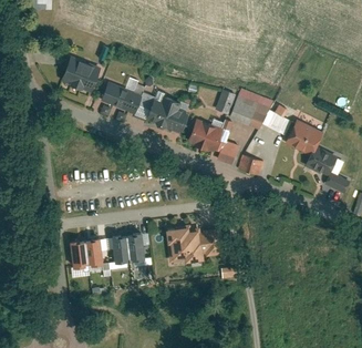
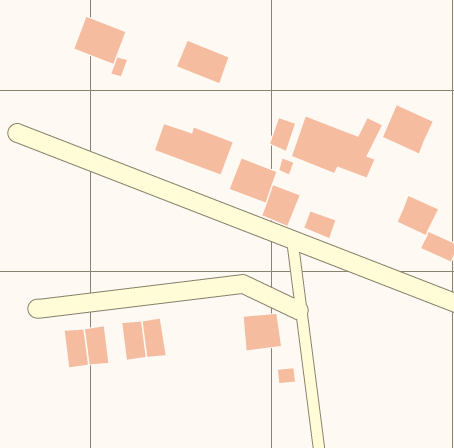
building: [62,58,100,92] -> [73,16,126,64]
building: [103,83,141,114] -> [176,40,229,84]
building: [285,120,321,155] -> [382,104,434,154]
building: [165,228,200,264] -> none

